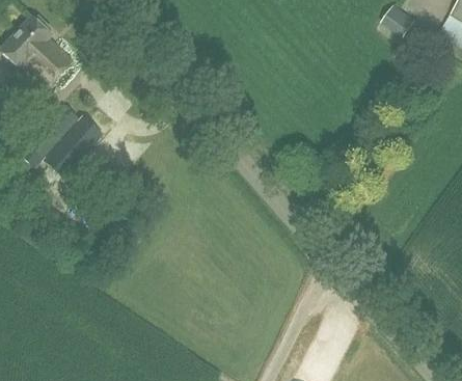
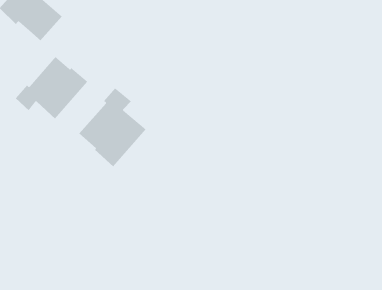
building: none -> [79,87,146,167]

